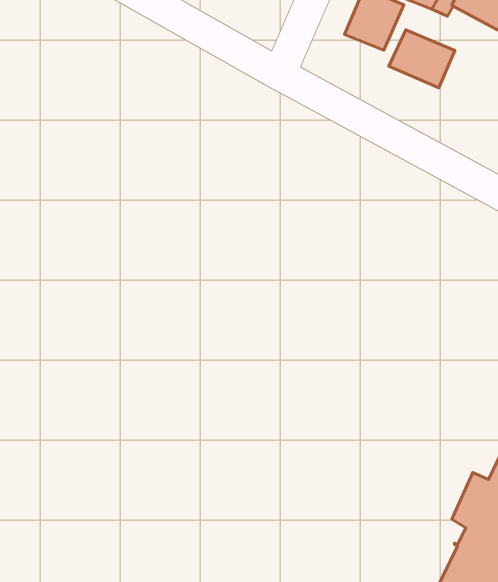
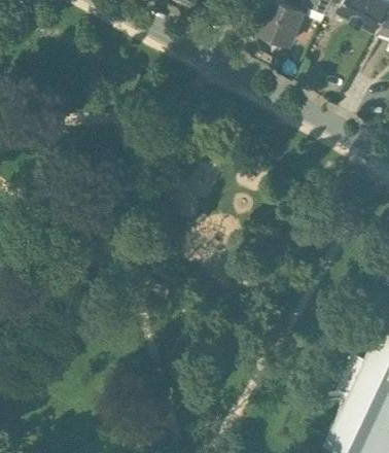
building: [389,30,455,88] -> none

